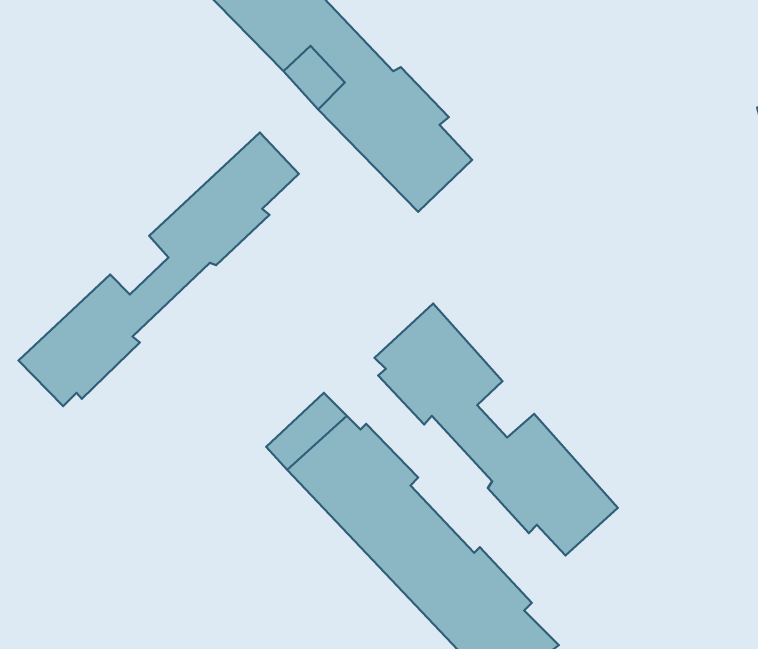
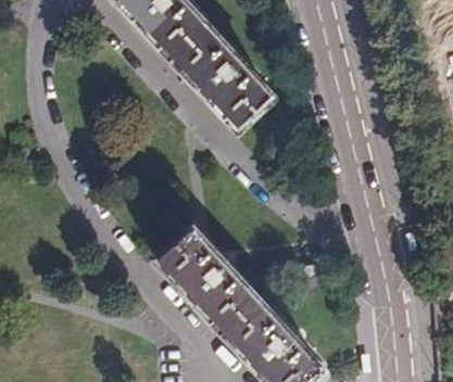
building: [19,132,299,406] -> none
building: [375,303,618,556] -> none

